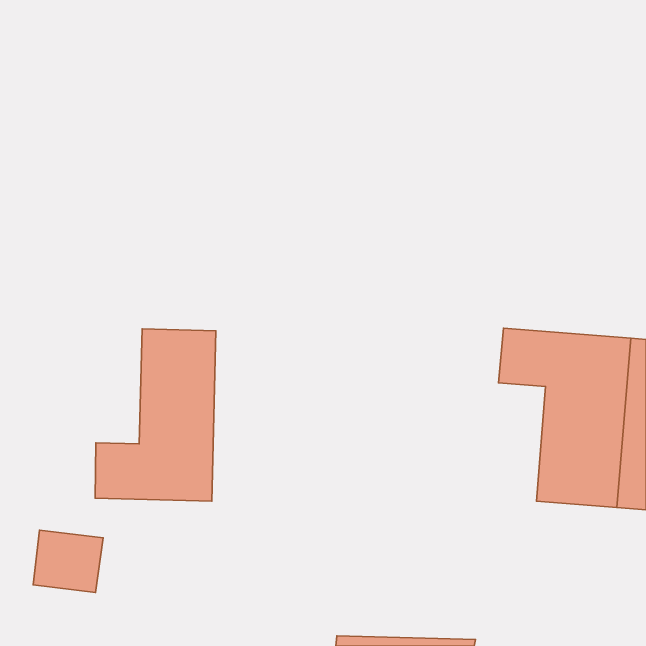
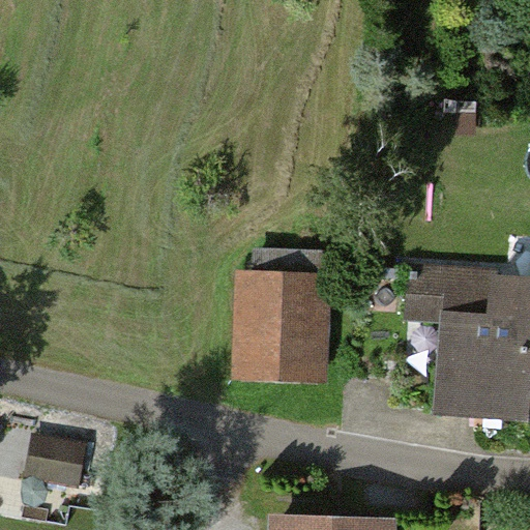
building: [95,329,216,501] -> none
building: none -> [237,270,327,391]

